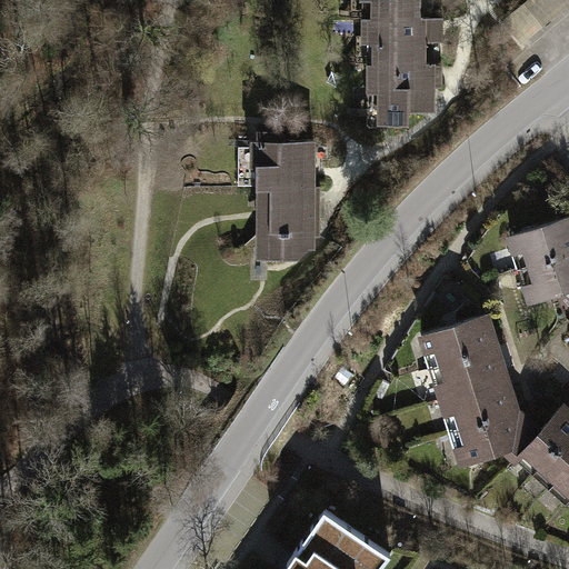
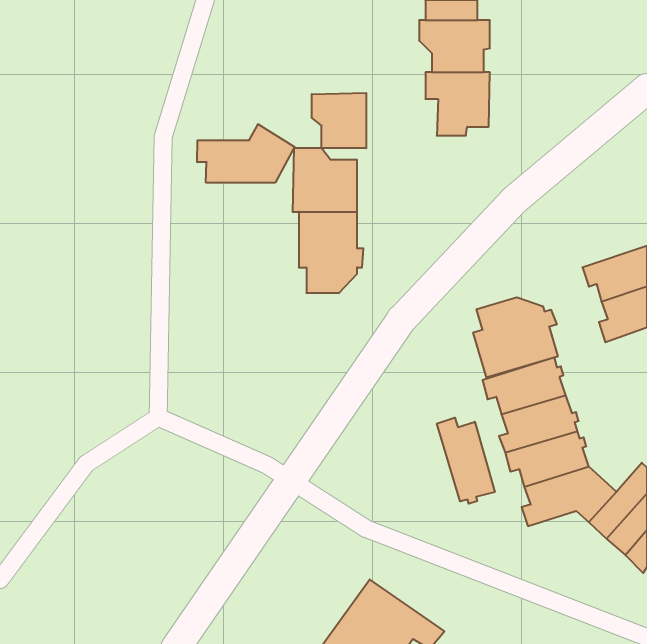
building: none -> [312,93,366,148]
building: none -> [197,124,295,183]
building: none -> [473,297,558,378]
building: none -> [437,418,495,504]

